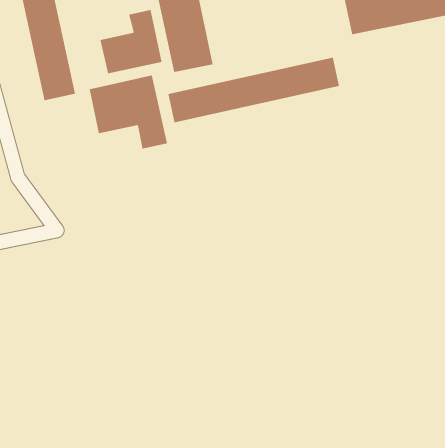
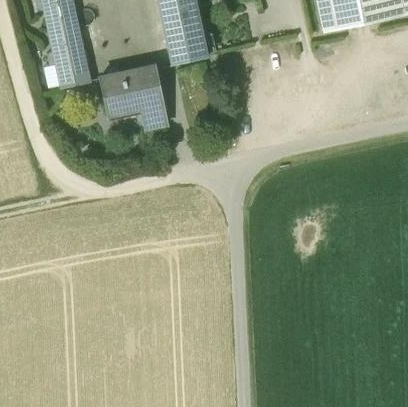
building: [100,9,162,74] -> none
building: [168,57,340,123] -> none

